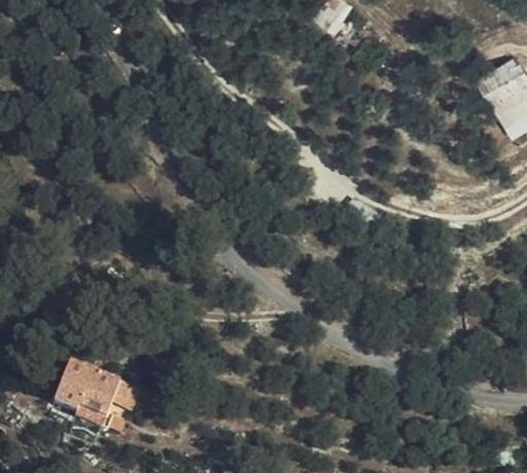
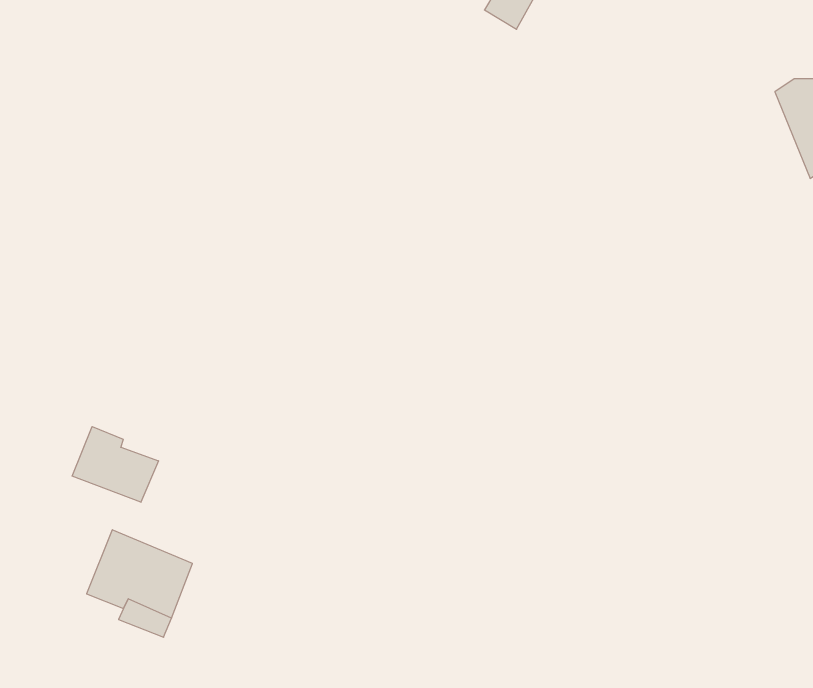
building: none -> [72,427,158,502]

